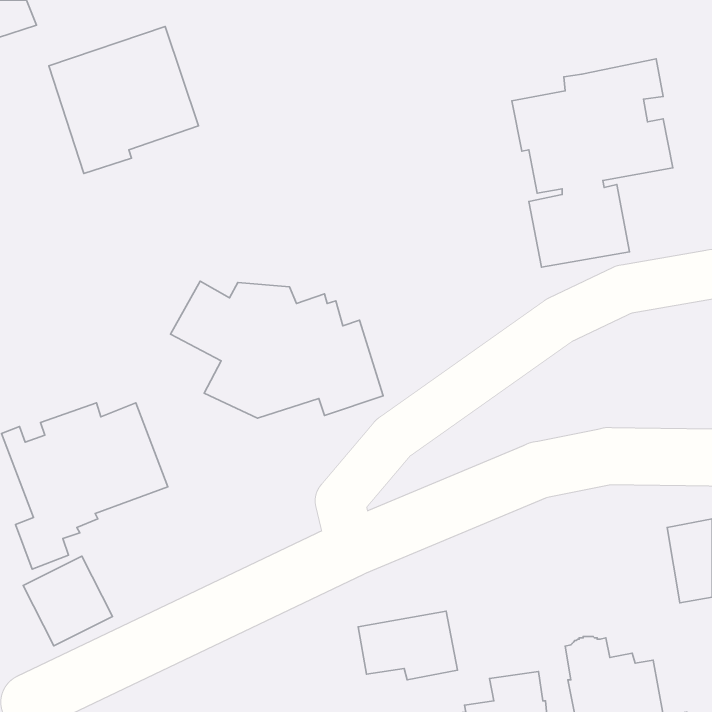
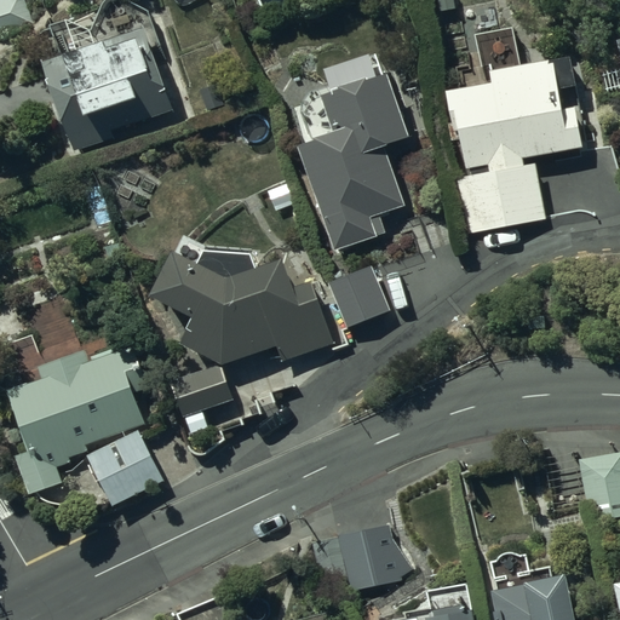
building: none -> [295,70,408,251]
building: none -> [325,269,392,334]
building: none -> [168,364,231,419]
building: [23,556,113,646] -> [85,430,162,507]

